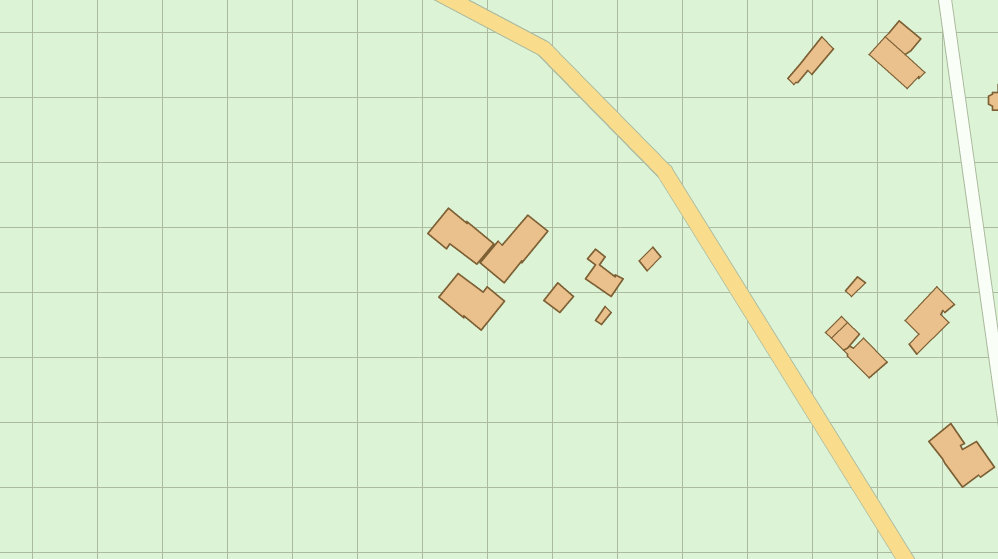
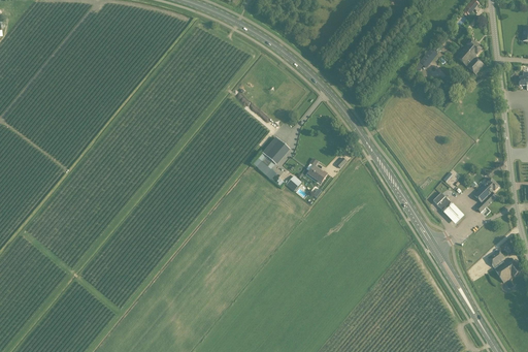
building: [428,208,494,264] -> none
building: [439,274,505,330] -> none

